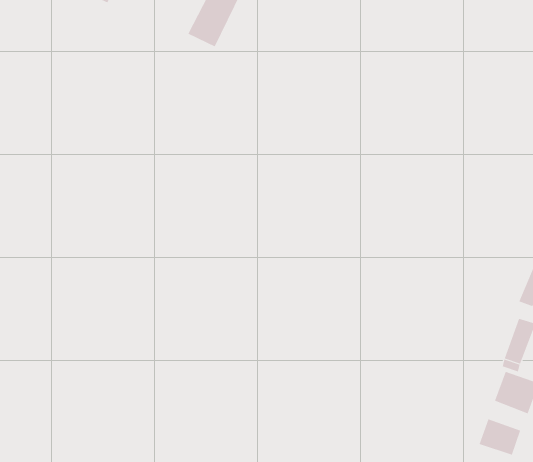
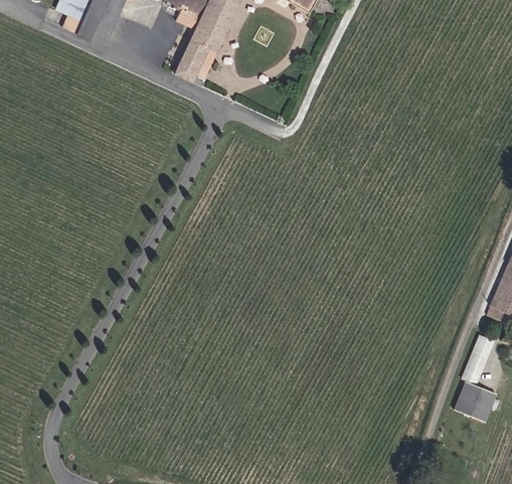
building: [479,418,521,456] -> none

